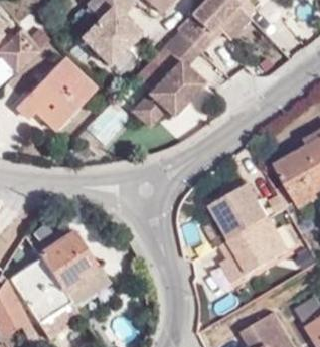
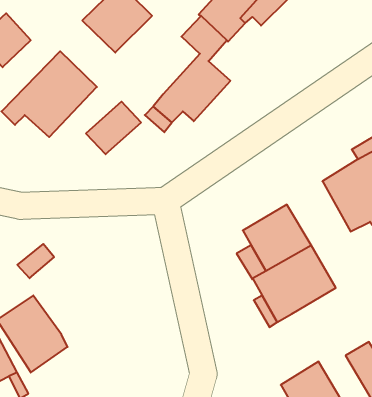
building: [38,230,110,305] -> none

